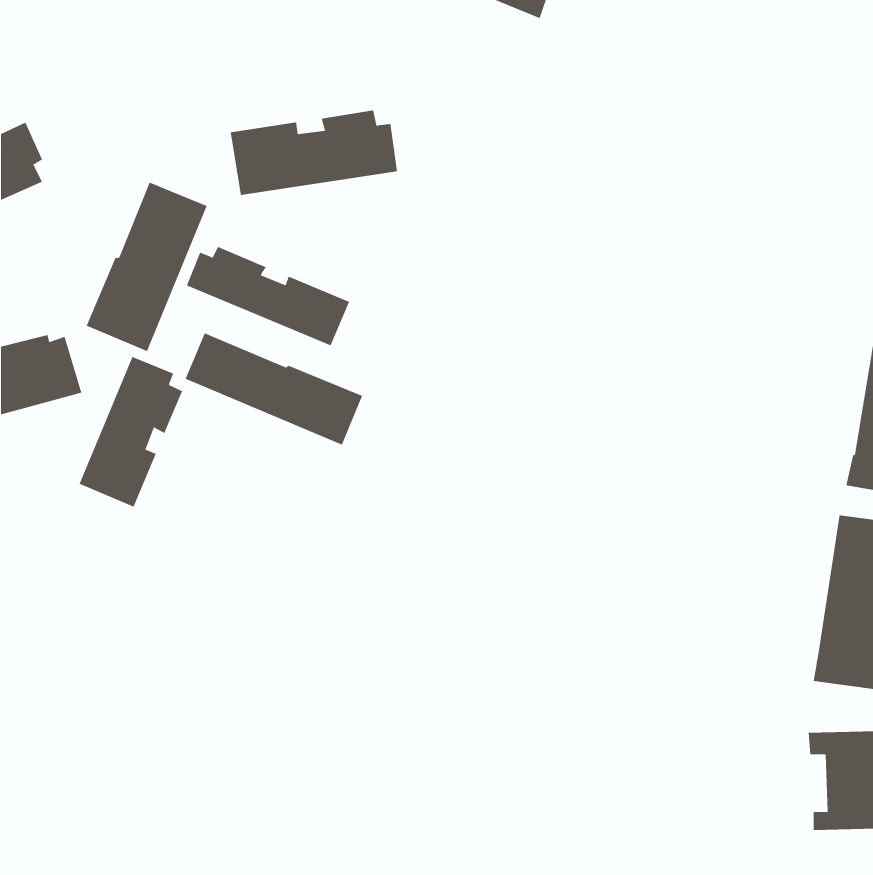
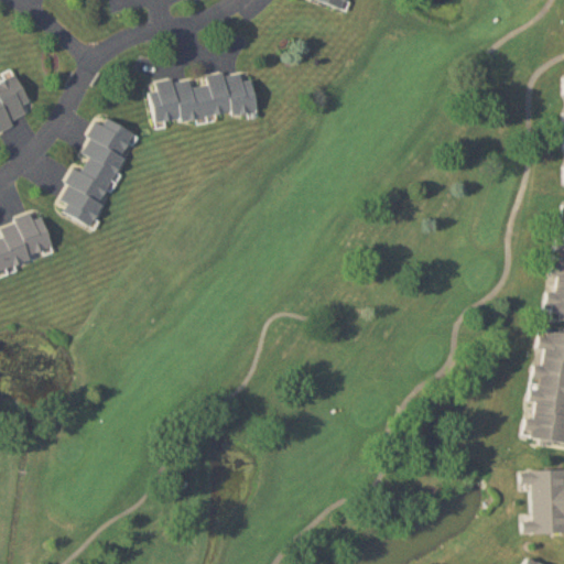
building: [186,246,350,346] -> none
building: [185,332,363,445] -> none
building: [79,356,183,508] -> none

